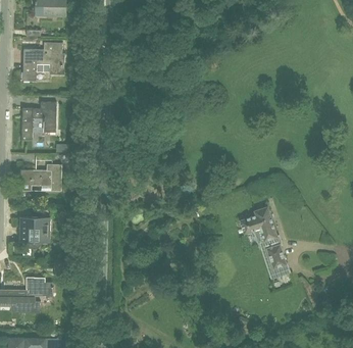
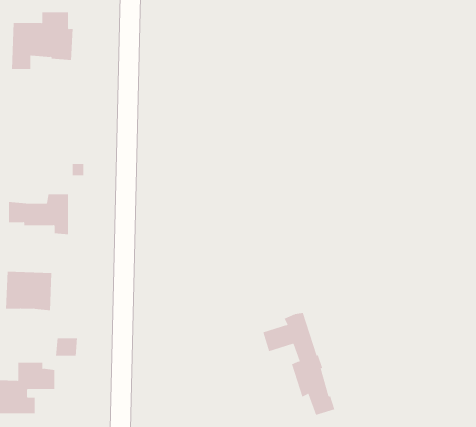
building: [21,101,56,140] -> none
building: [240,207,289,277] -> [263,312,335,416]

